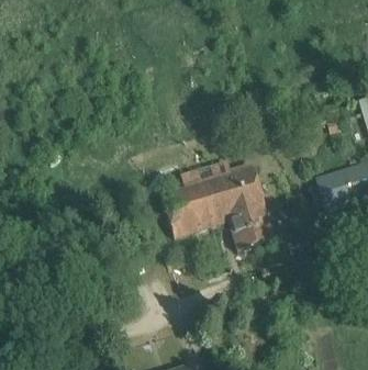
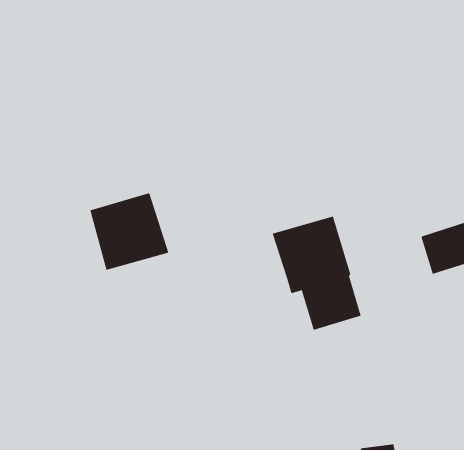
building: [160,175,220,233] -> [90,193,169,271]

